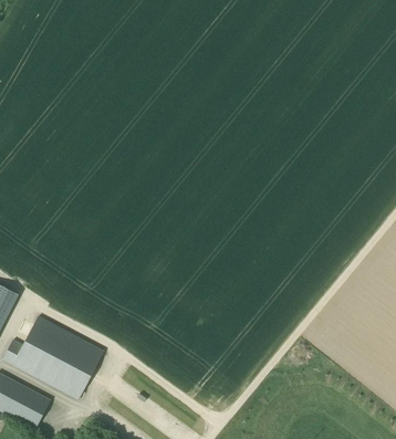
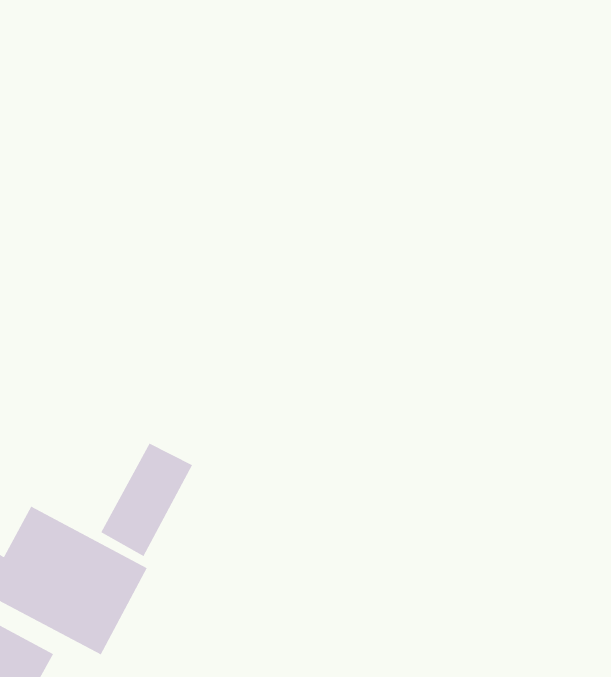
building: none -> [100,443,193,557]

